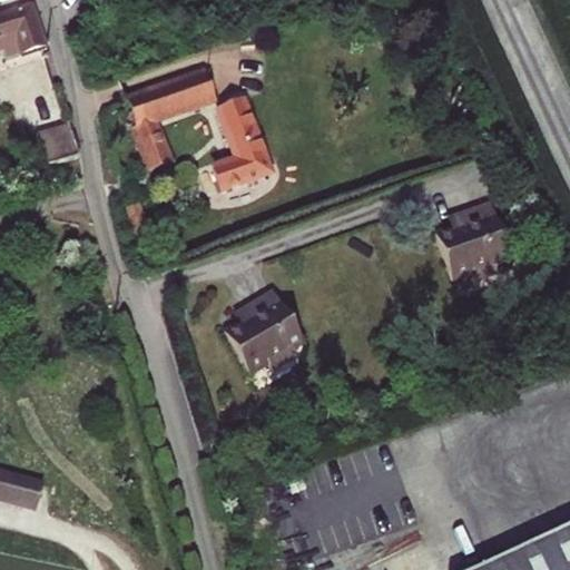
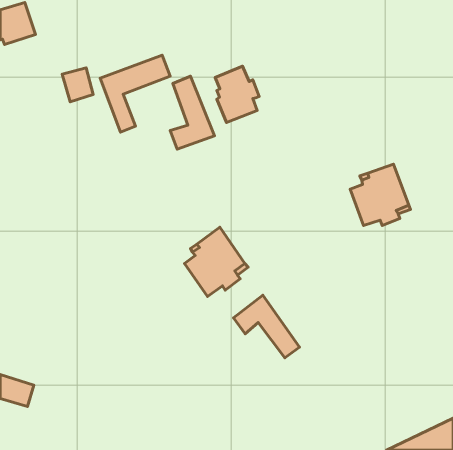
building: none -> [215,66,259,123]
building: [38,122,77,165] -> [62,68,93,102]
building: none -> [233,295,299,358]

